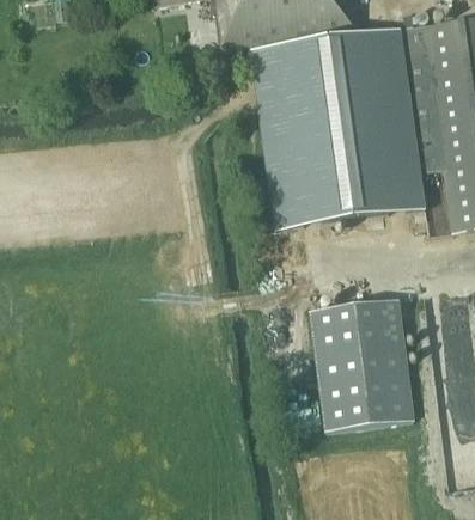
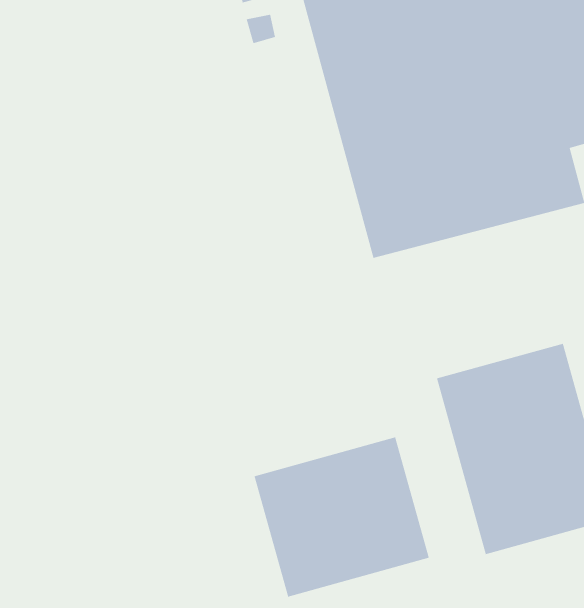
building: none -> [254,437,430,598]

